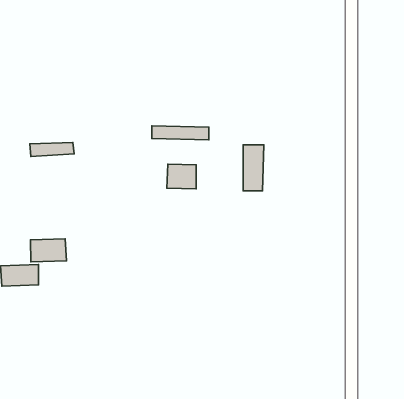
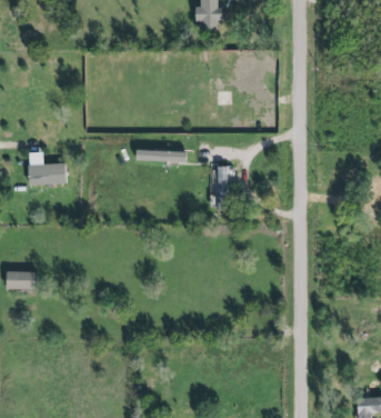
building: [167,164,196,189] -> none
building: [31,239,66,262] -> none

